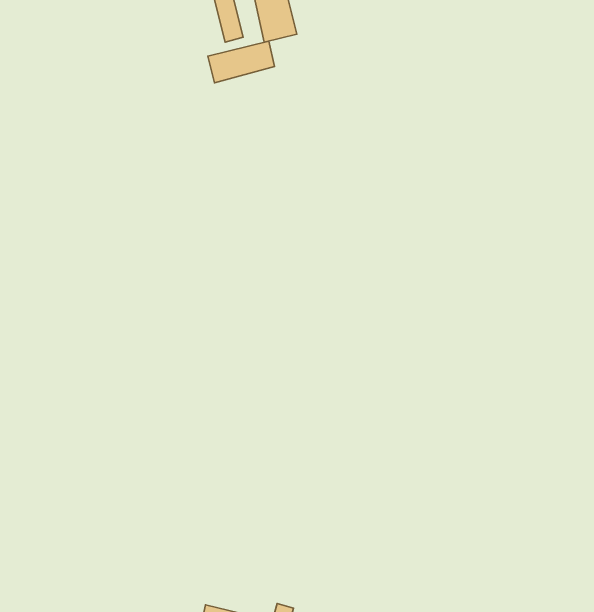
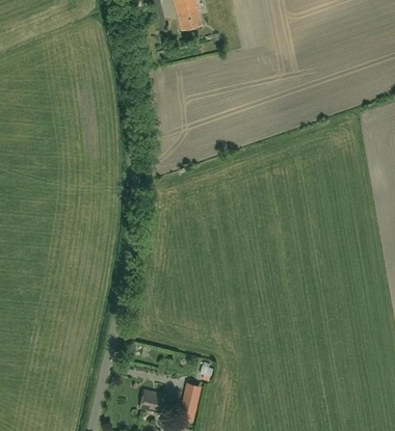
building: [208,41,275,83] -> none

